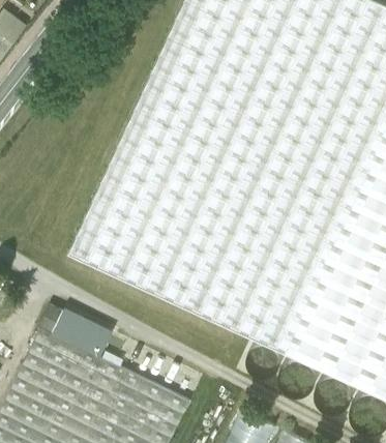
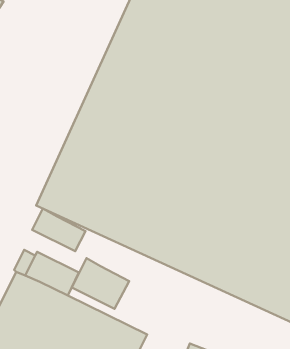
building: none -> [32,208,86,251]
building: none -> [72,258,129,309]

